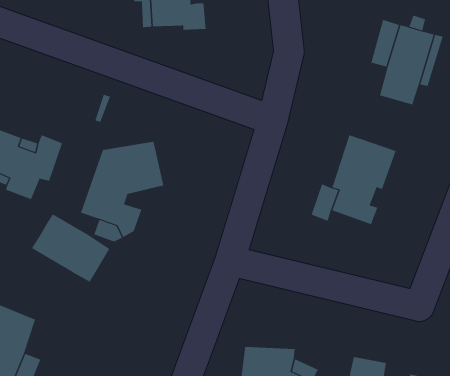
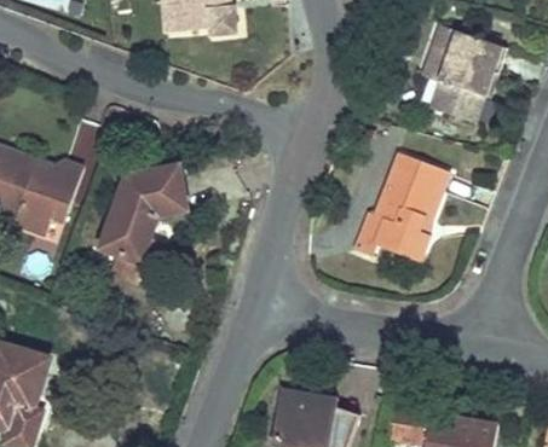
building: [31,213,110,283] -> none

